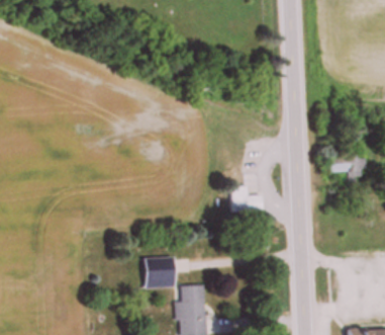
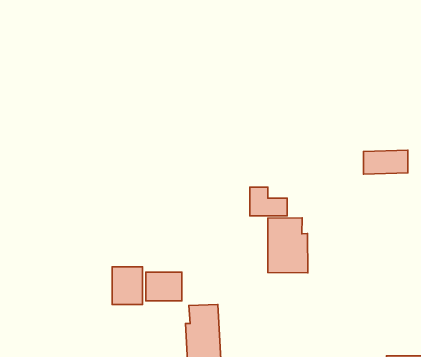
building: none -> [268,218,308,273]
building: none -> [112,267,142,304]

